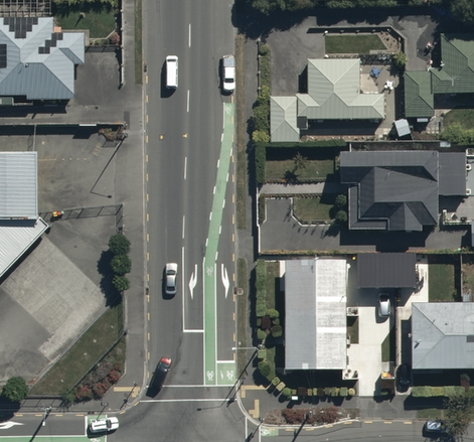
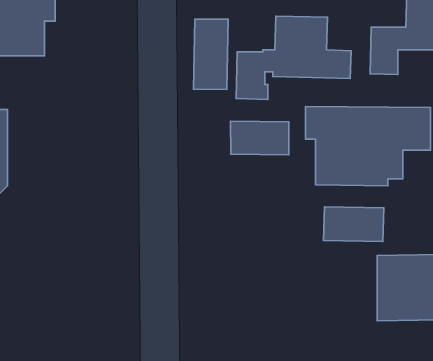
building: none -> [193,19,228,89]
building: none -> [231,121,289,155]
building: [285,257,346,369] -> none

